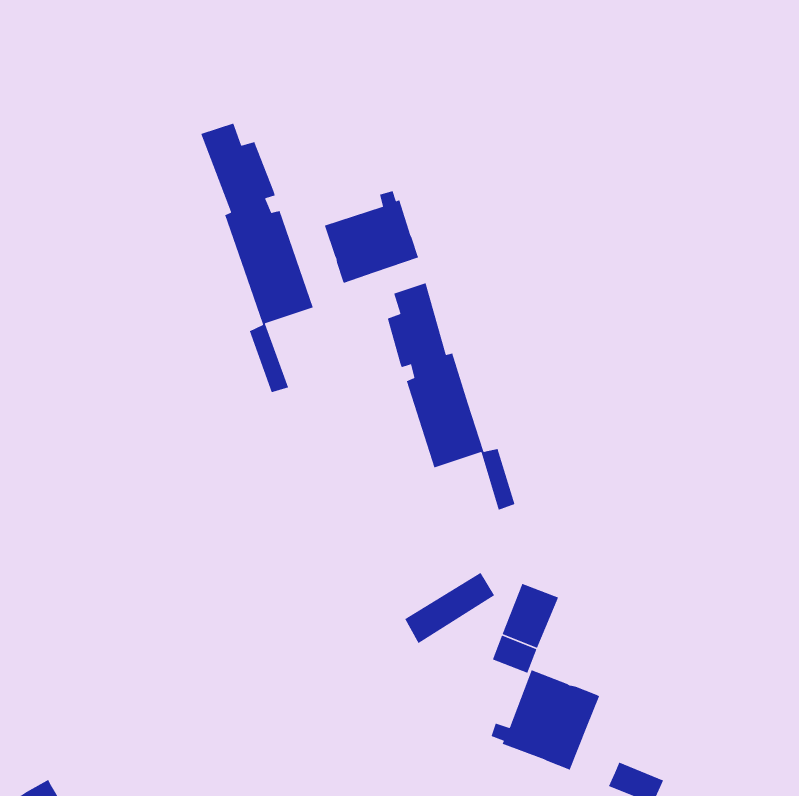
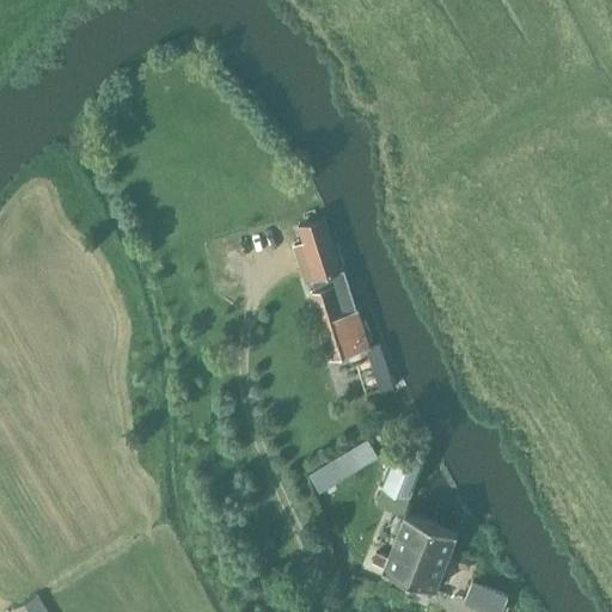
building: [200,122,314,393] -> none
building: [324,190,419,284] -> none

